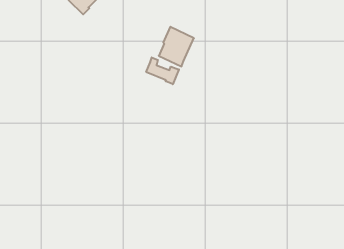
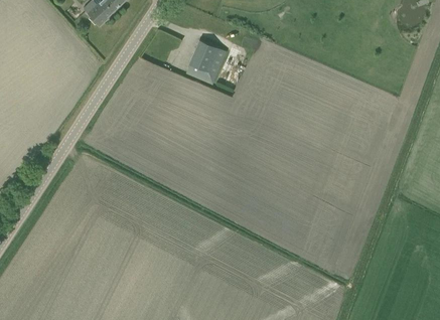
building: [146,57,179,84] -> none

